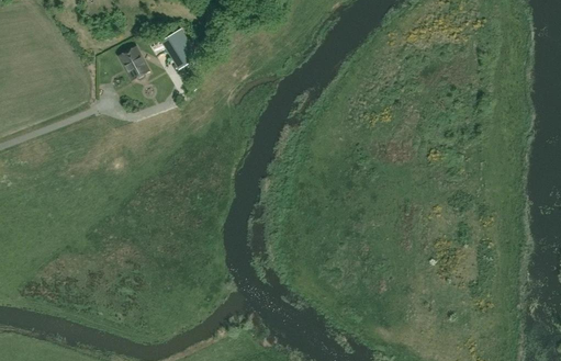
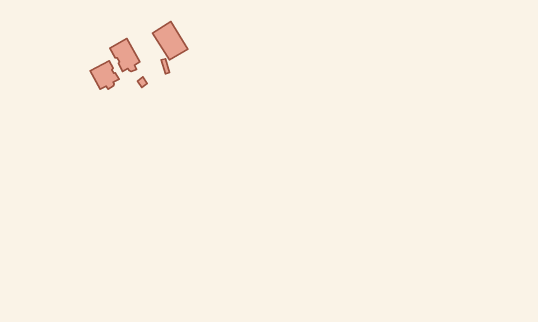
building: none -> [90,61,119,89]

